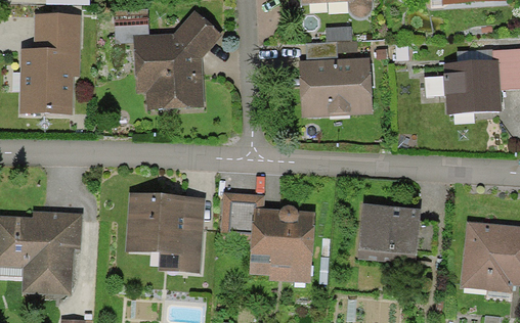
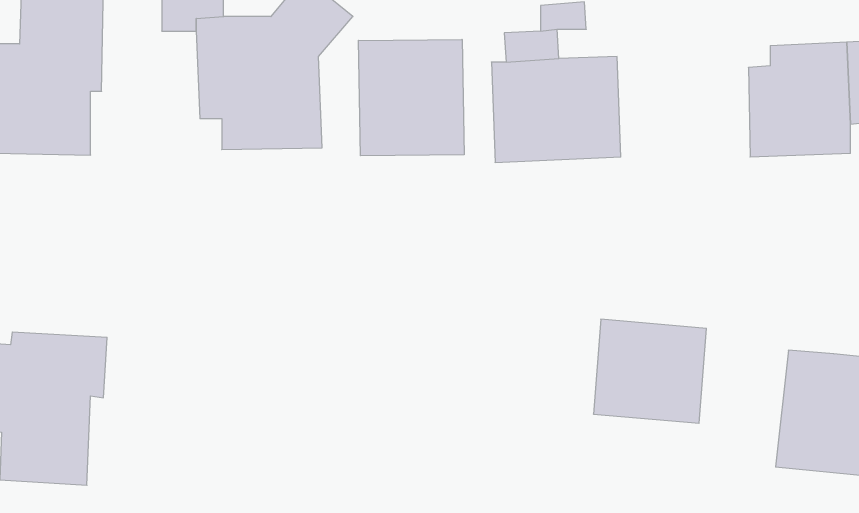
building: none -> [358,39,464,156]
building: [219,192,313,280] -> none
building: [125,194,205,273] -> none

